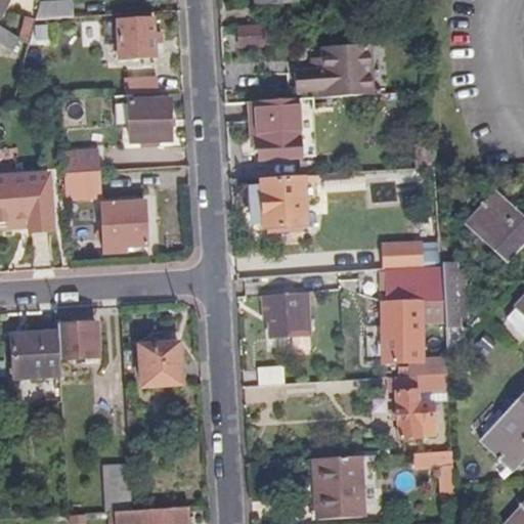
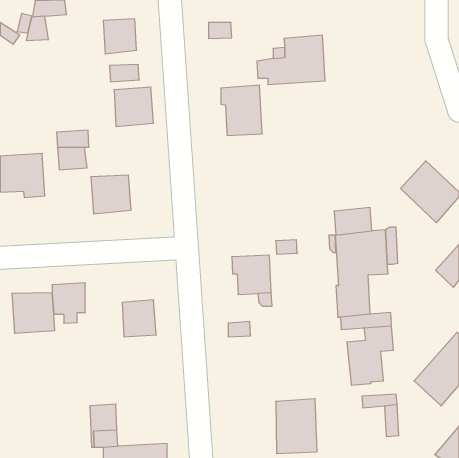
building: [248,177,303,226] -> none

